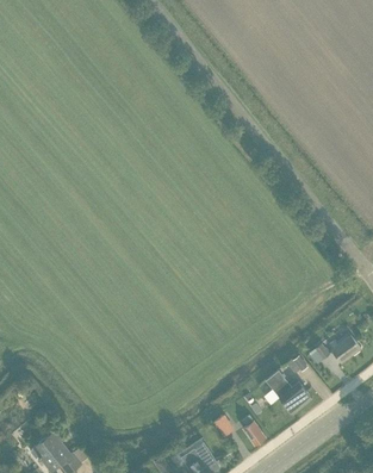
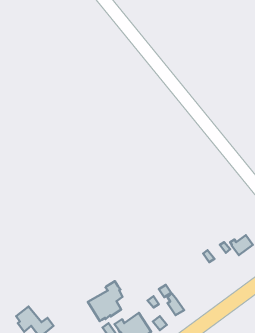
building: [265,369,311,415] -> none
building: none -> [88,281,123,321]

